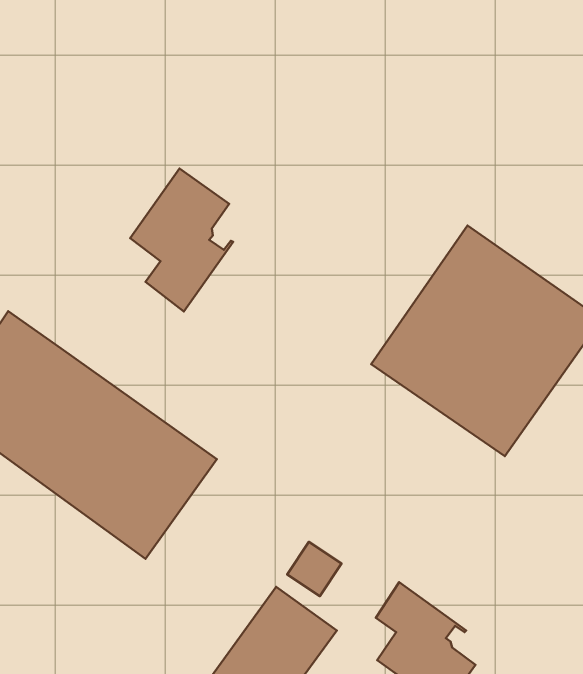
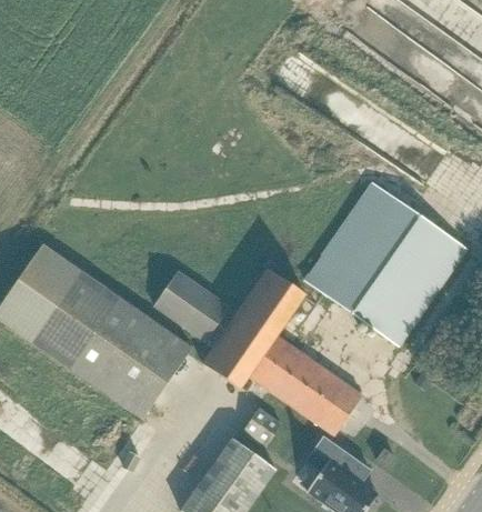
building: [130,169,233,311] -> none
building: none -> [154,269,362,435]

